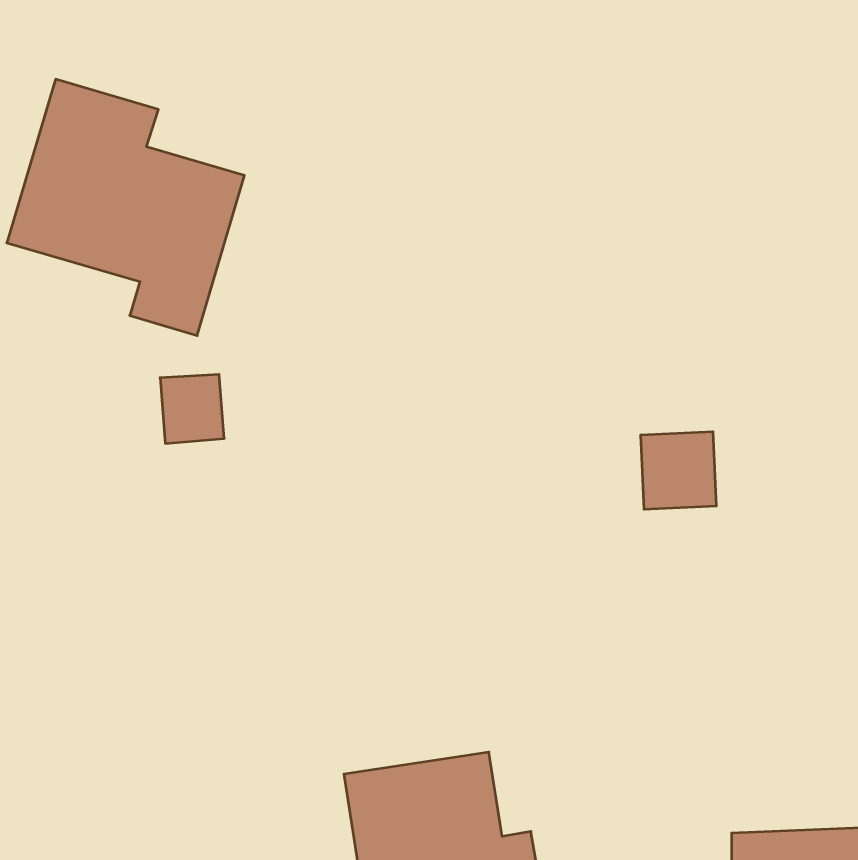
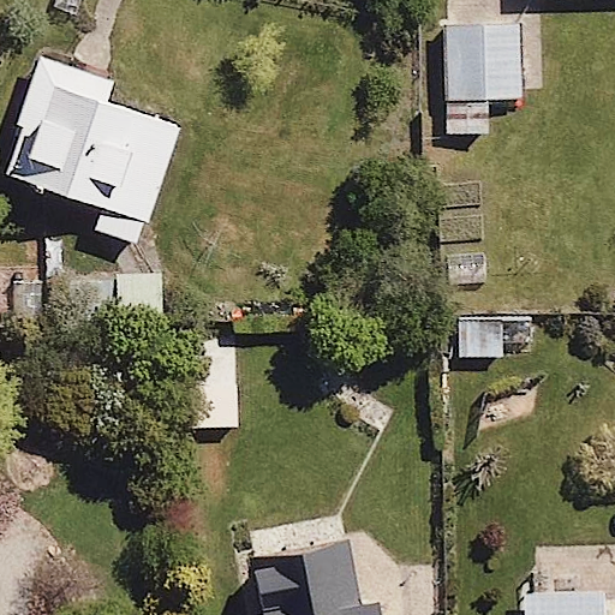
building: none -> [440,19,523,138]

